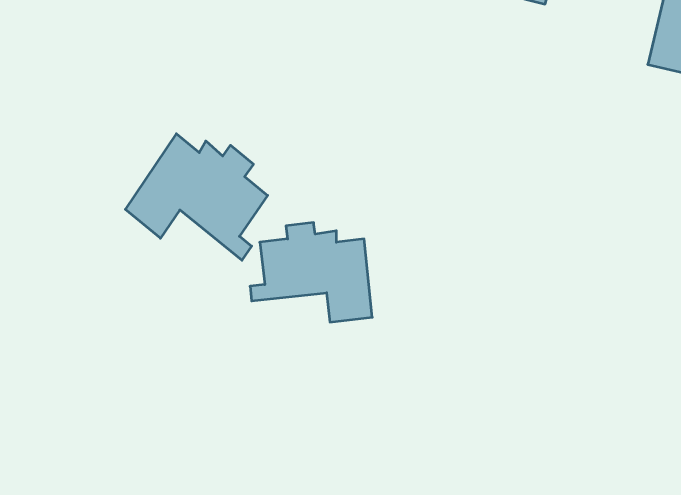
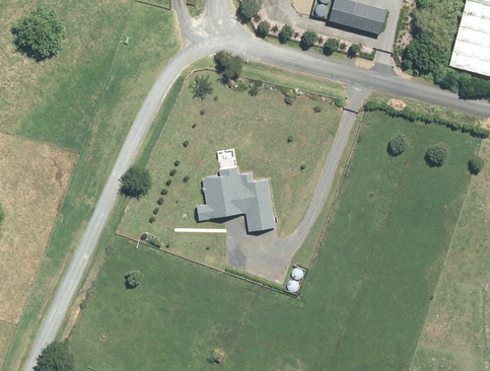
building: [125,134,268,260] -> none

